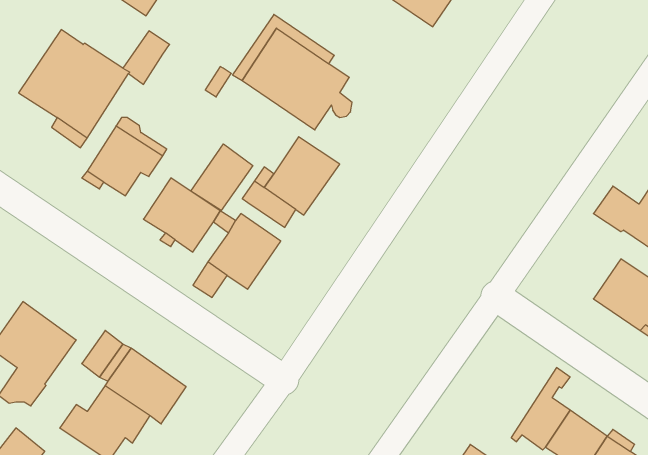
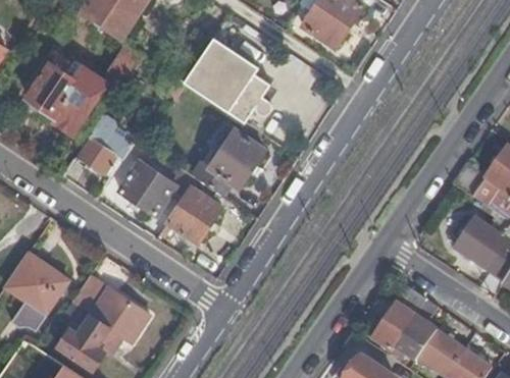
building: [191,144,253,210] -> none
building: none -> [373,285,426,353]

